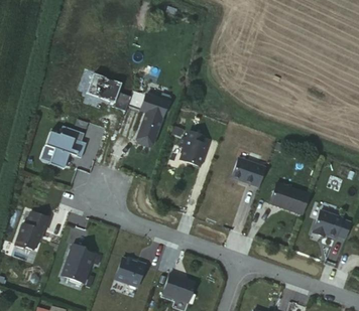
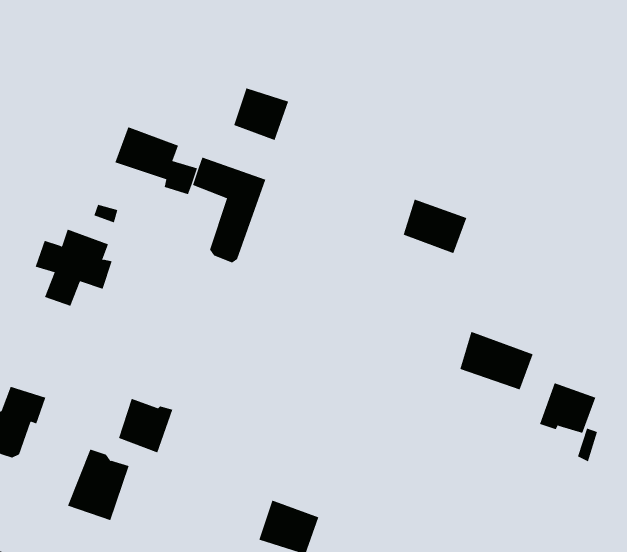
building: none -> [233,87,289,141]
building: [180,132,207,167] -> none
building: [231,159,265,188] -> [403,199,467,254]
building: [115,259,144,288] -> [118,398,173,453]

